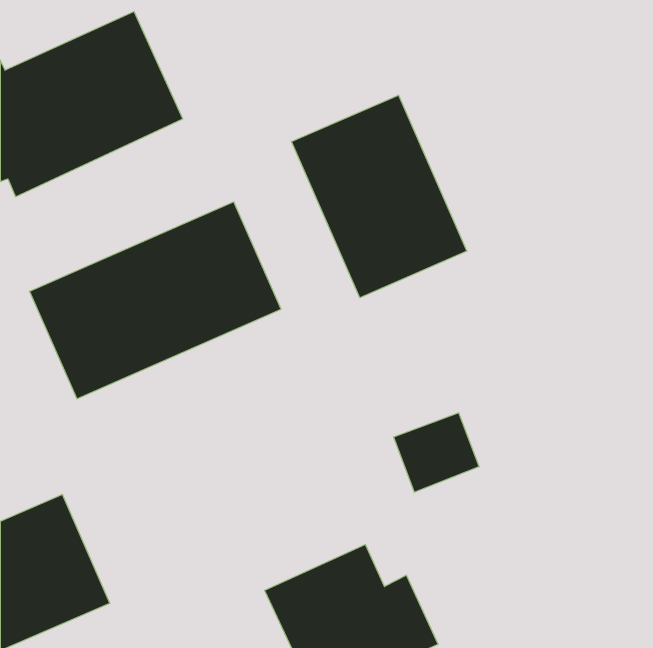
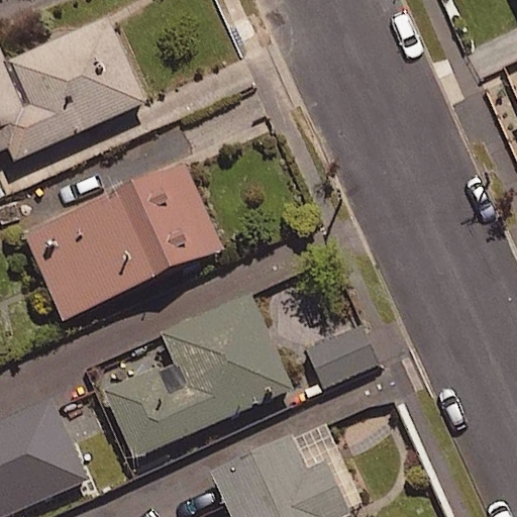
building: [292,95,467,298] -> none
building: none -> [102,294,289,456]

